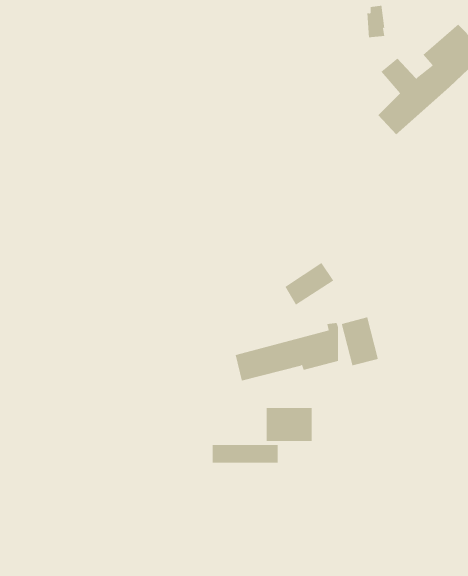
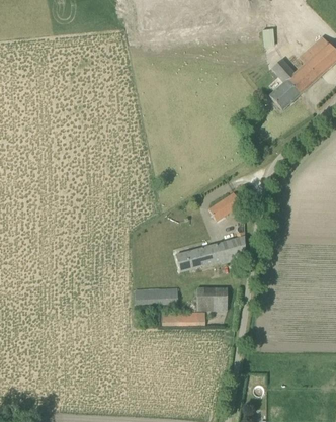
building: [341,317,379,366] -> none
building: none -> [136,286,178,305]

